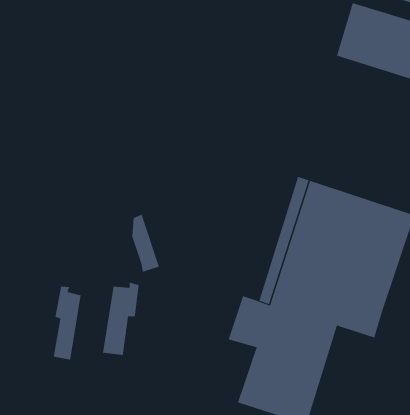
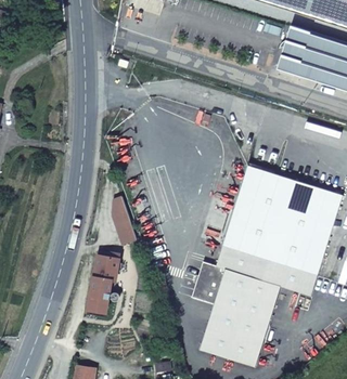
building: [53,286,81,361] -> none

